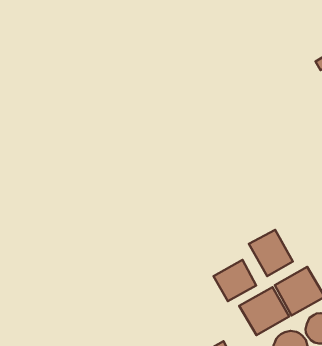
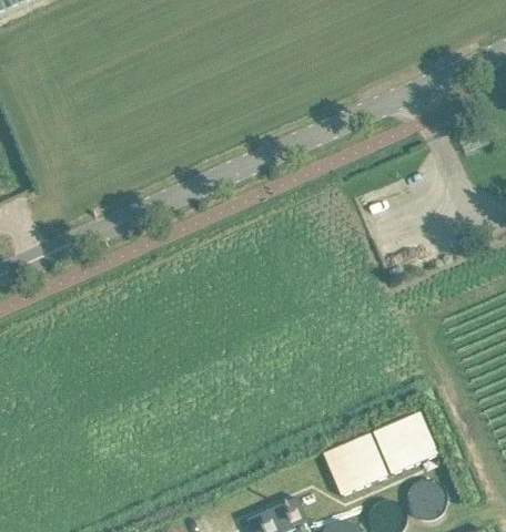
building: [249,230,293,276] -> none
building: [214,260,256,301] -> none

